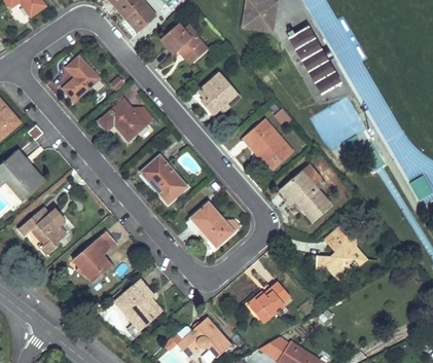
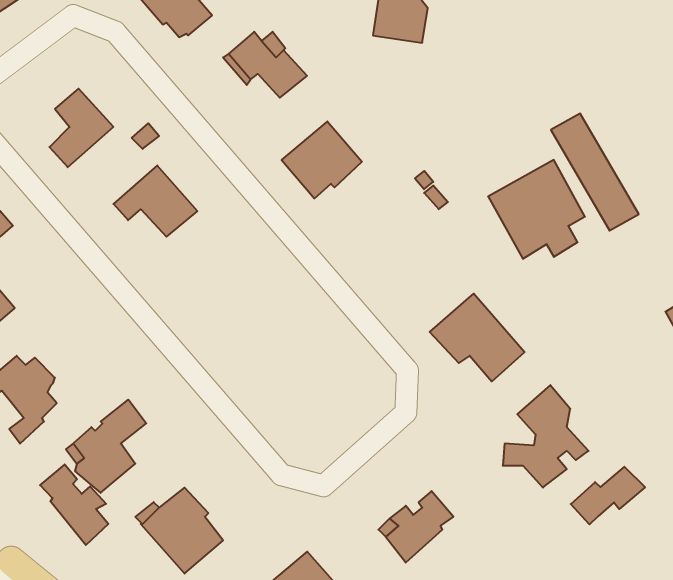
building: [291,28,340,94] -> [551,114,639,231]
building: [247,121,292,170] -> none
building: [140,155,187,204] -> none
building: [190,204,233,247] -> none
building: none -> [40,464,108,545]
building: none -> [571,467,645,524]

